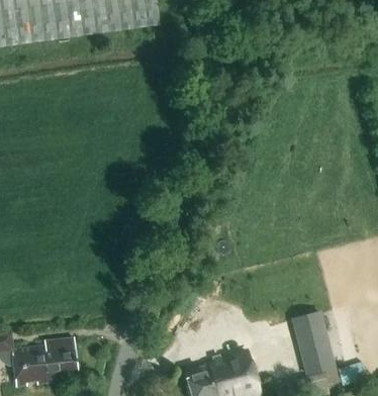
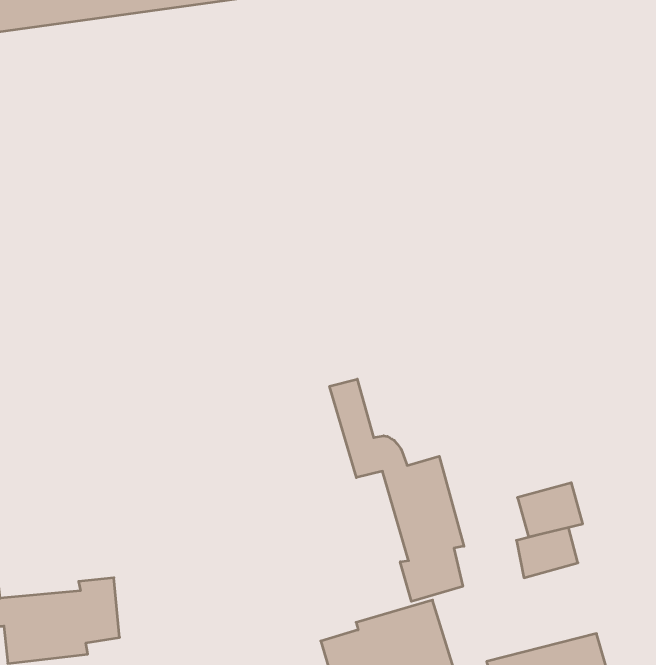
building: none -> [330,379,464,601]
building: [301,345,337,375] -> [517,483,583,537]

